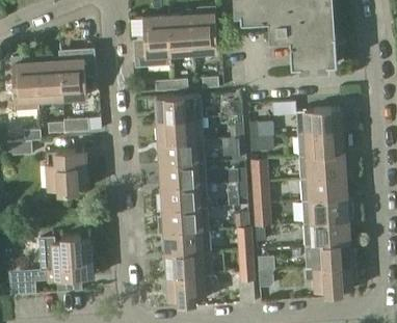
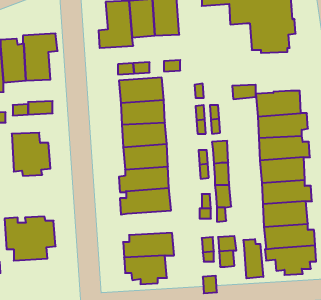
building: [165,230,211,254] -> none
building: none -> [243,239,263,278]

